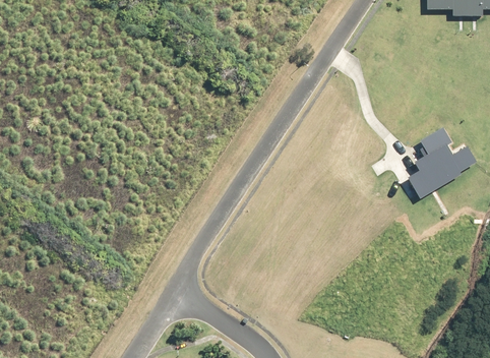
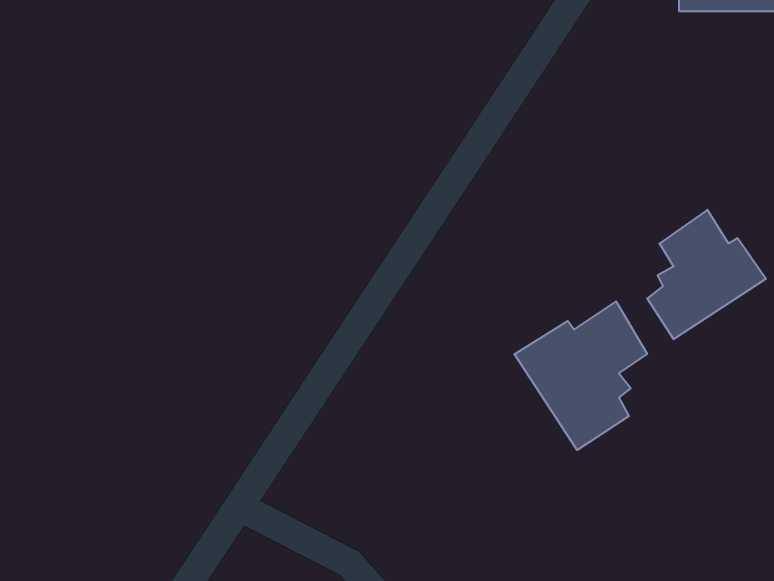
building: none -> [514,301,647,450]

